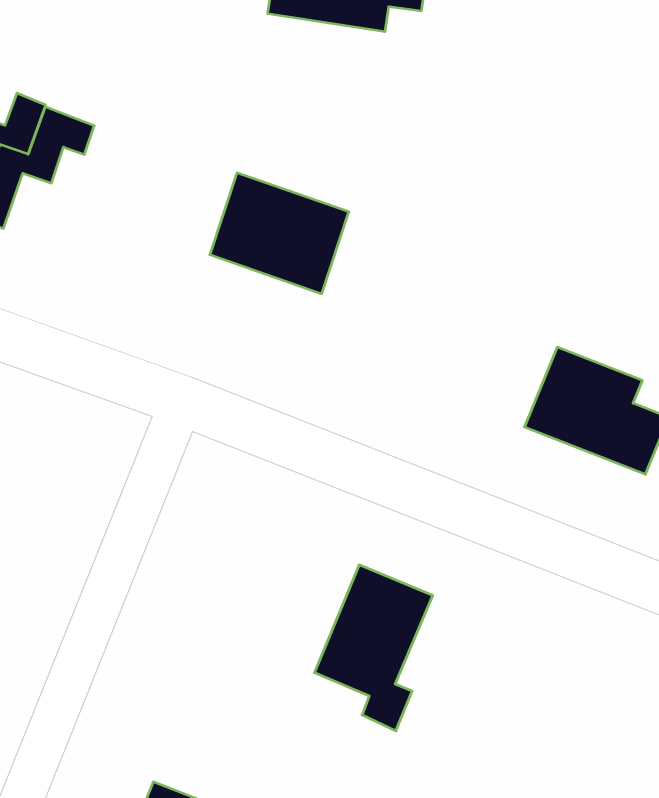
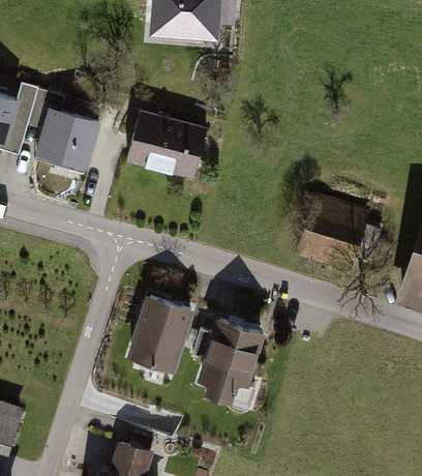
building: none -> [37,109,98,166]
building: none -> [131,297,189,369]

